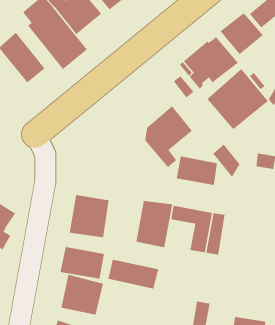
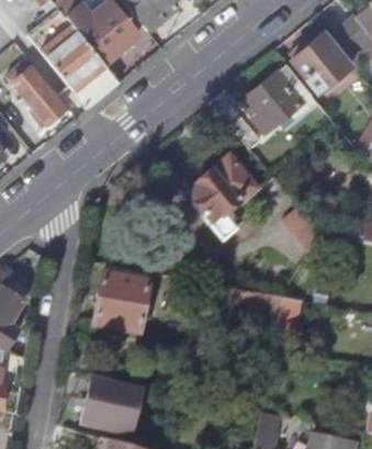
building: [207,68,269,130] -> none
building: [176,156,218,186] -> none
building: [136,200,173,248] -> none
building: [60,246,105,279] -> none
building: [108,259,159,289] -> none

